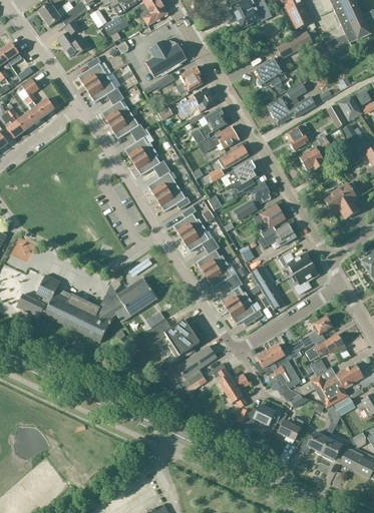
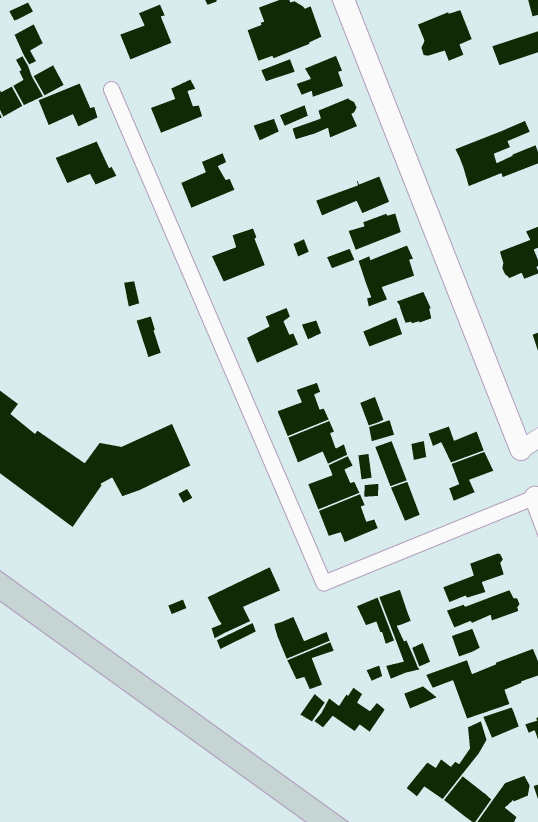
building: [253,57,284,86] -> [417,9,473,62]
building: [86,75,120,101] -> [38,83,99,127]
building: [192,107,226,142] -> none
building: [109,111,144,137] -> [55,140,118,185]
building: [286,122,310,149] -> none
building: [132,147,167,174] -> none
building: [156,184,191,210] -> none
building: [254,203,285,227] -> none
building: [259,222,296,246] -> none
building: [181,223,216,250] -> none
building: [145,318,199,357] -> none
building: [277,410,304,439] -> none

